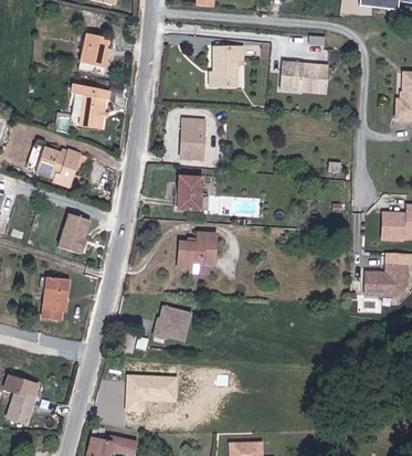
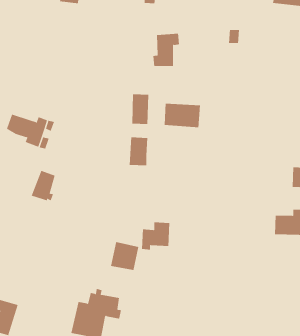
building: [82,34,110,70] -> none
building: [279,61,326,92] -> [164,103,201,128]
building: [72,88,109,128] -> none
building: [183,233,220,268] -> [141,222,170,250]
building: [39,277,66,320] -> none

